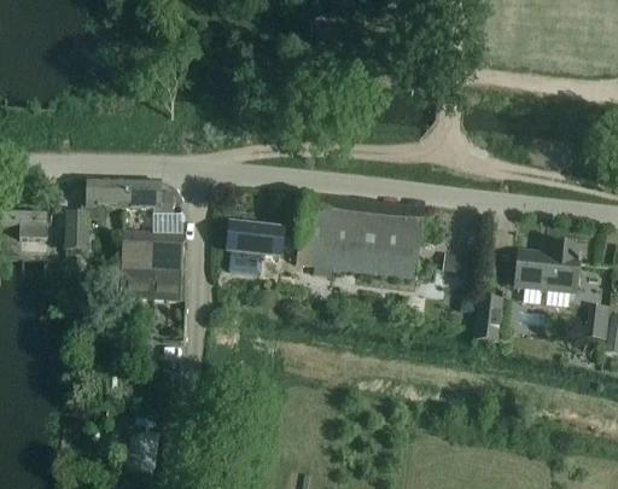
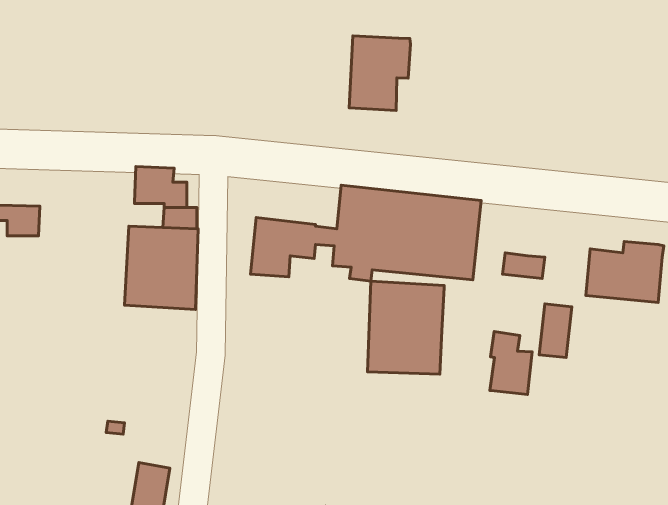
building: none -> [349,36,410,111]
building: [66,177,130,250] -> none
building: none -> [367,281,444,374]
building: none -> [490,332,532,394]

